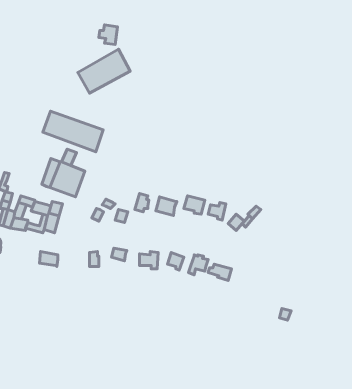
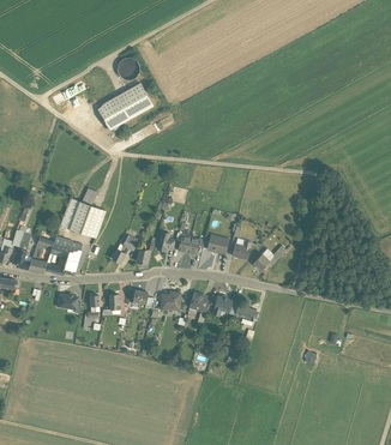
building: [43,111,103,152] -> none

